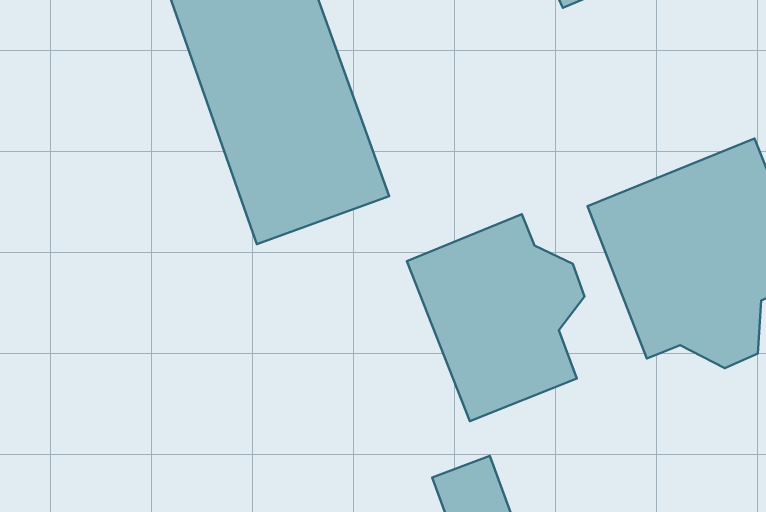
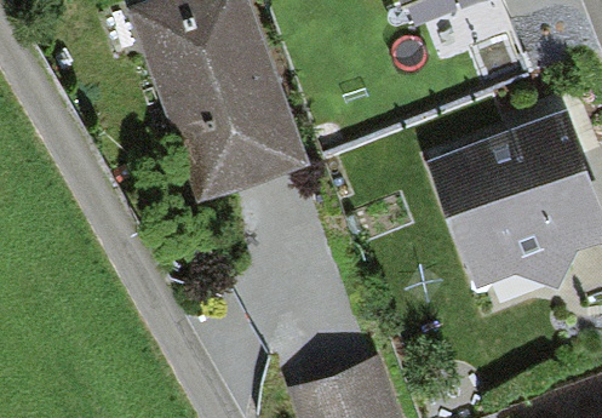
building: [407,214,585,421] -> none

